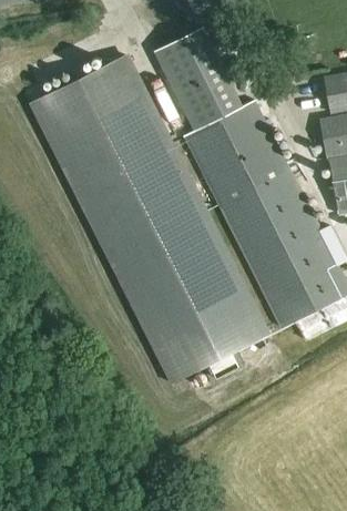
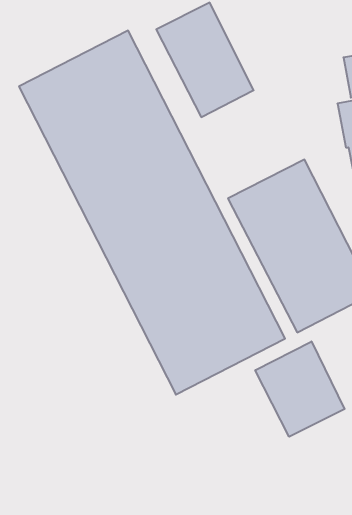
building: [185,101,290,206] -> none
building: none -> [255,341,345,437]

